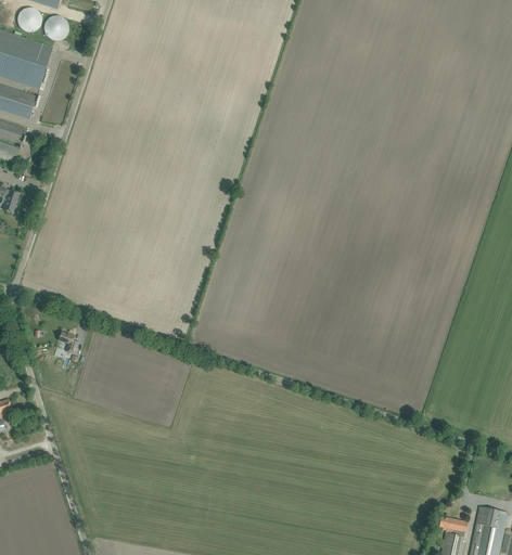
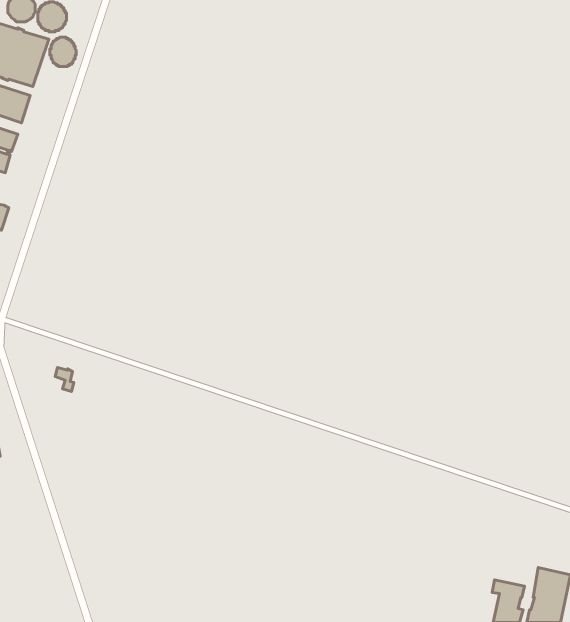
building: none -> [50,37,76,67]

